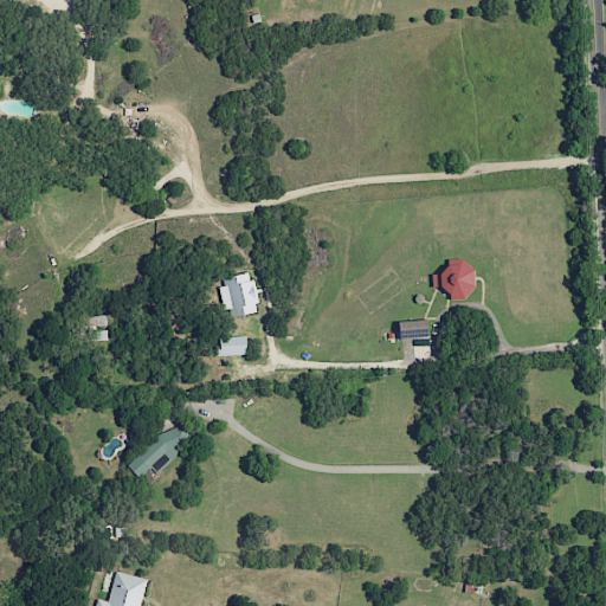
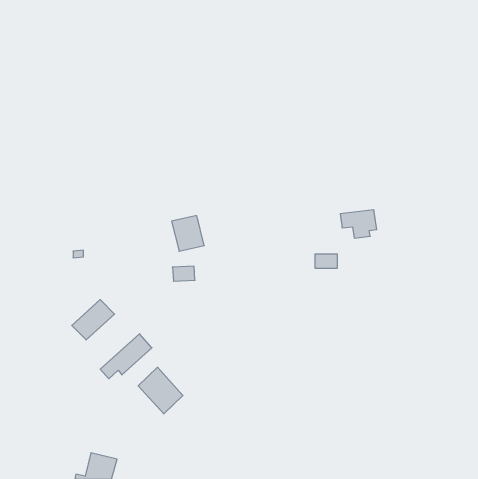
building: none -> [72,300,115,340]
building: none -> [138,367,183,414]

